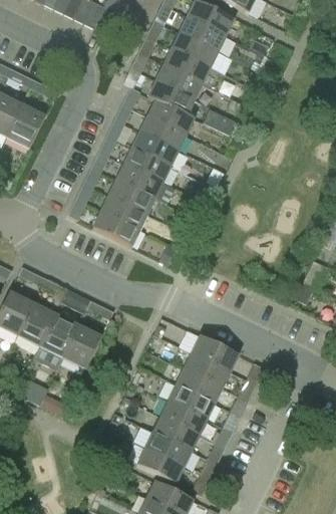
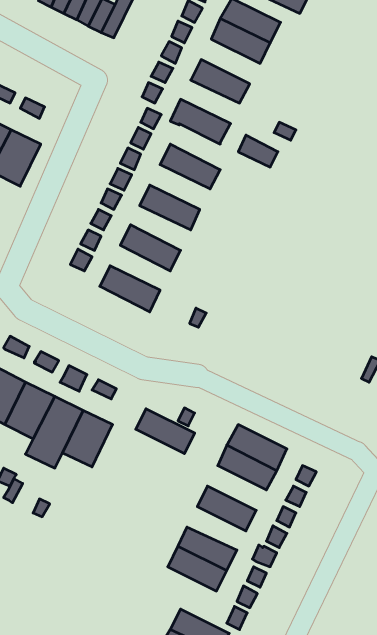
building: [172,32,218,67] -> none
building: [155,64,202,98] -> none
building: [147,98,195,135] -> none
building: [131,131,179,166] -> none
building: [116,163,163,198] -> none
building: [100,194,147,229] -> none
building: [177,366,223,402] -> [136,409,195,454]
building: [160,399,207,433] -> none
building: [137,446,184,481] -> none

